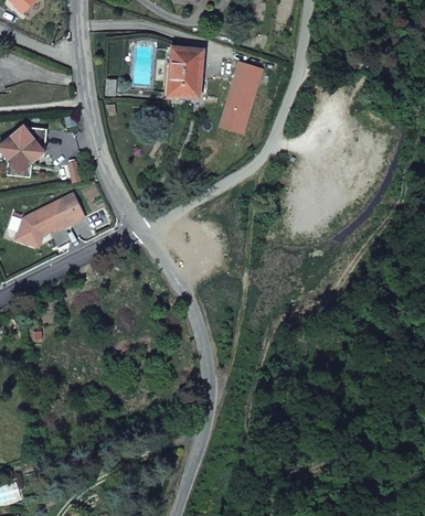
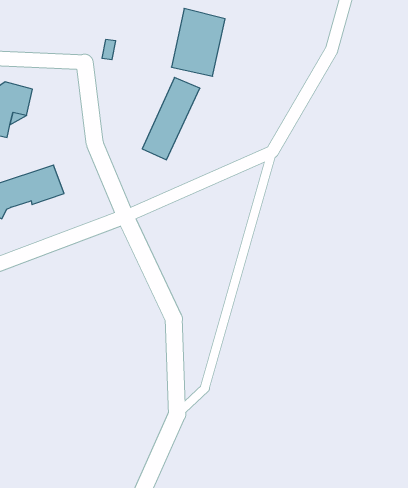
building: [220,62,263,133] -> [142,77,200,160]

